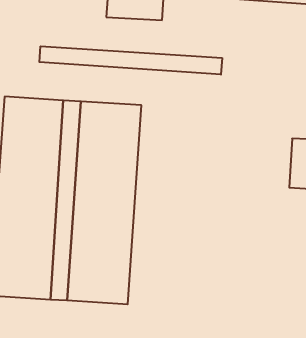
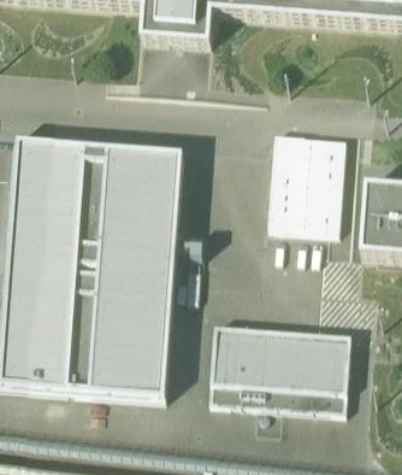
building: [39,46,222,75] -> none
building: none -> [267,129,349,228]
building: none -> [212,328,351,407]

